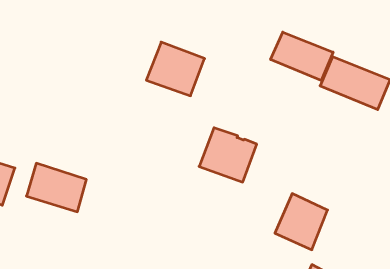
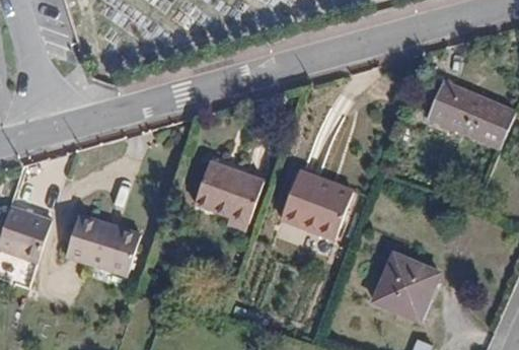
building: [271,32,333,80] -> none
building: [146,42,205,96] -> [193,160,265,226]

